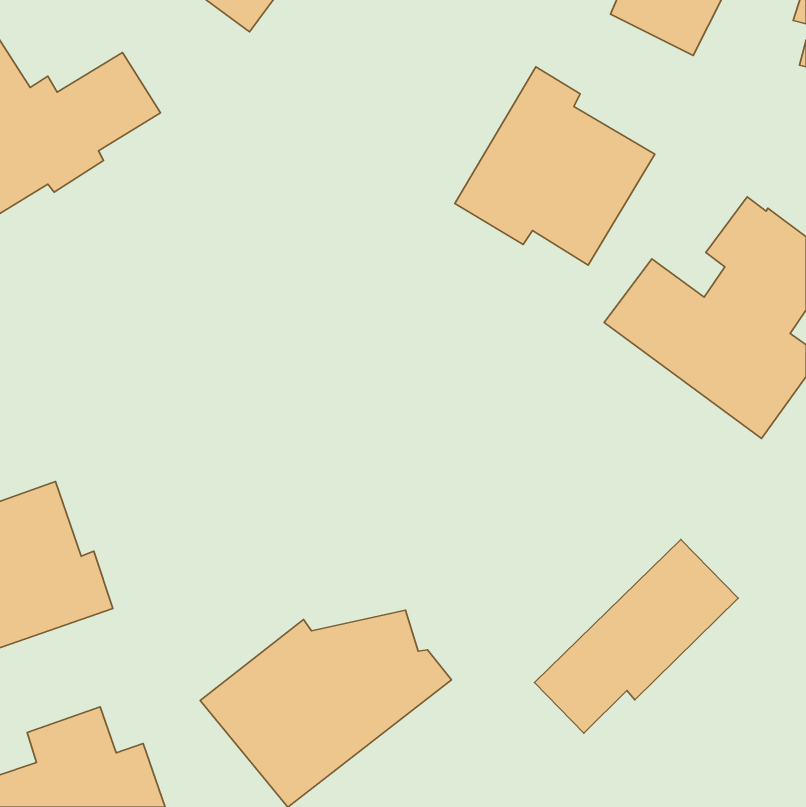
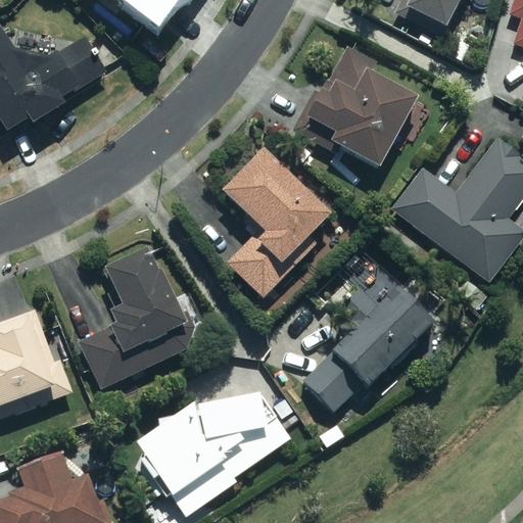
building: none -> [220,144,330,295]
building: none -> [75,248,191,392]
building: [535,540,738,733] -> [303,287,434,412]

